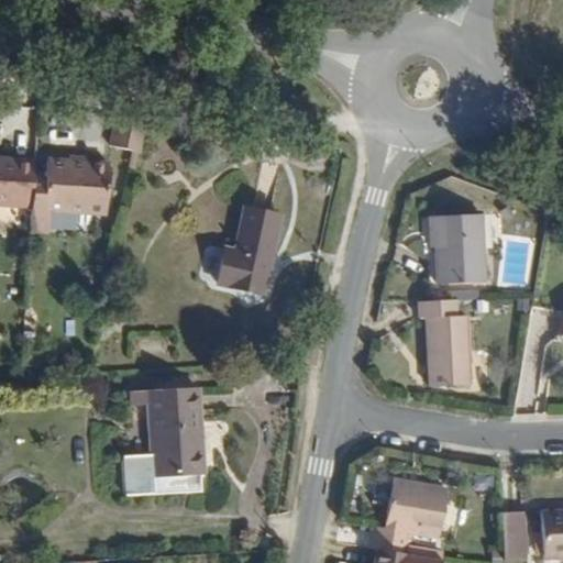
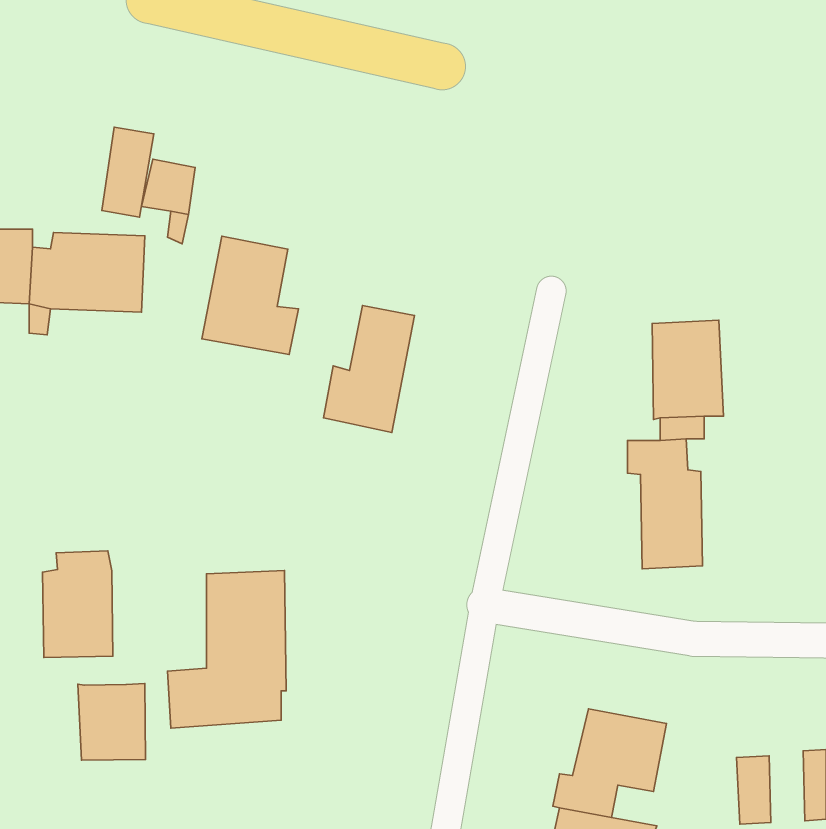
building: none -> [102,127,154,217]
building: none -> [202,236,298,354]
building: none -> [43,551,113,657]
building: none -> [78,683,145,760]

